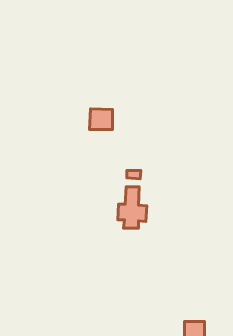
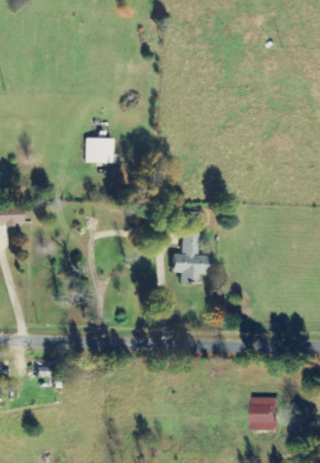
building: [90,109,113,129] -> [85,136,113,162]

